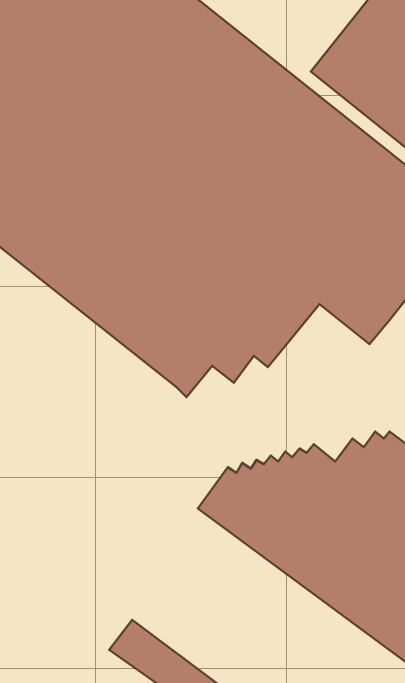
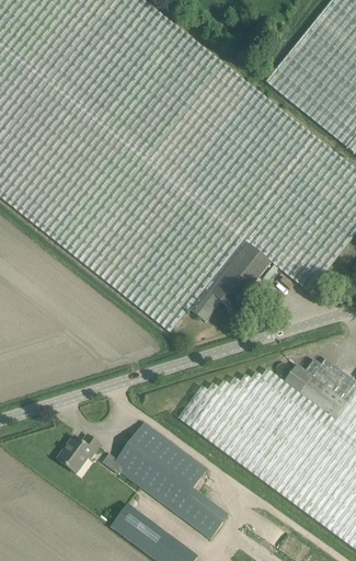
building: none -> [113,422,223,538]
building: none -> [57,434,101,473]

